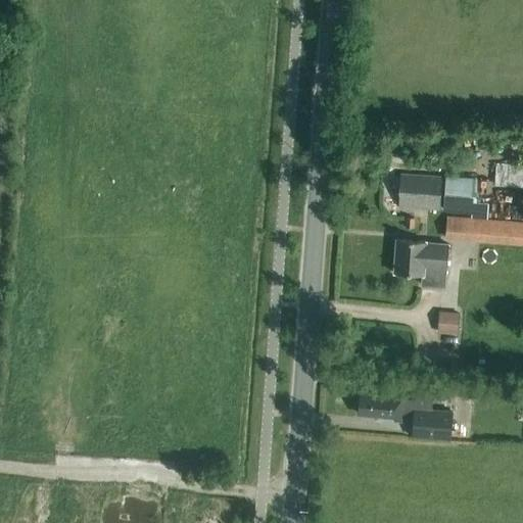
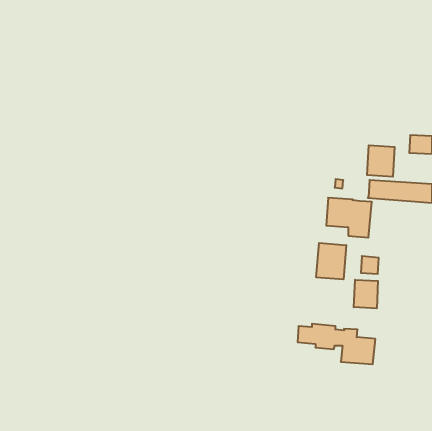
building: [398,176,441,210] -> none
building: none -> [316,243,346,279]
building: none -> [354,280,378,308]

